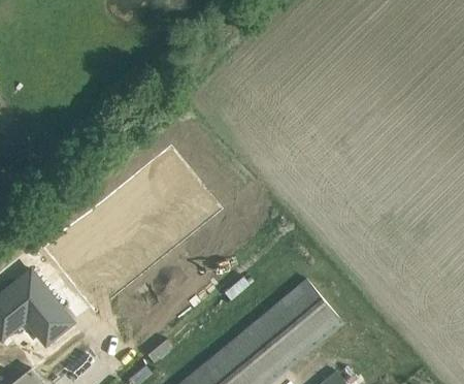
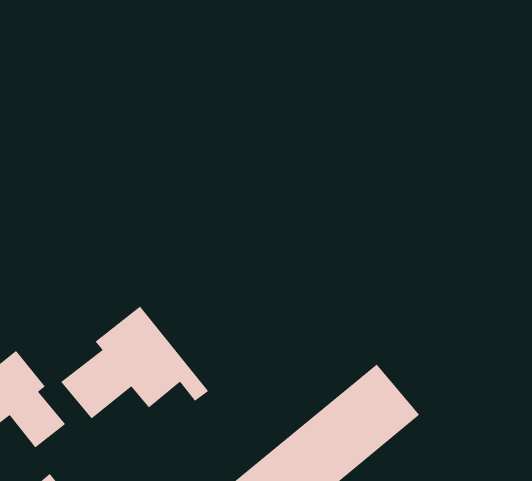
building: none -> [60,305,209,420]

